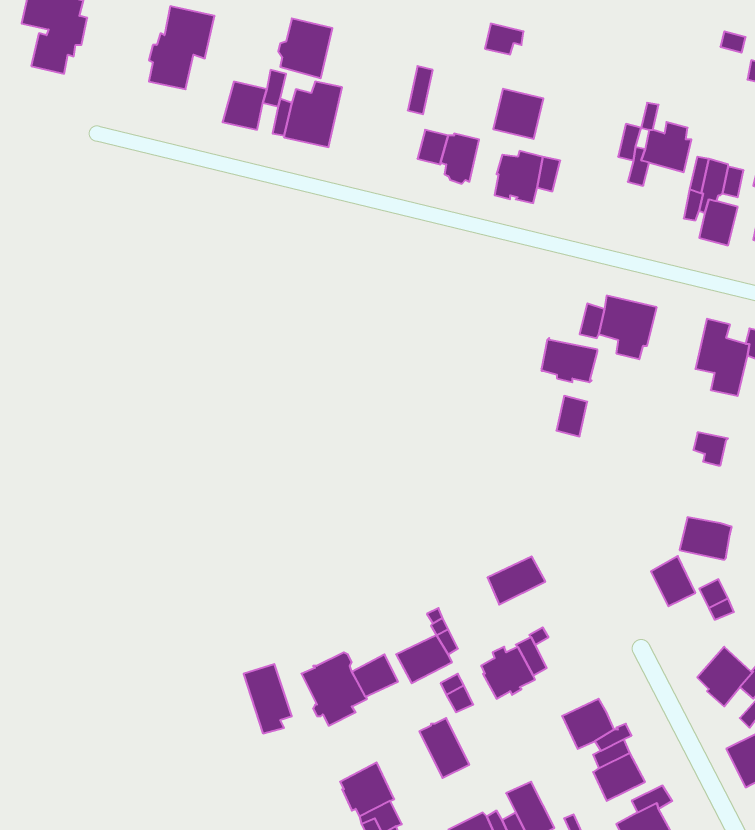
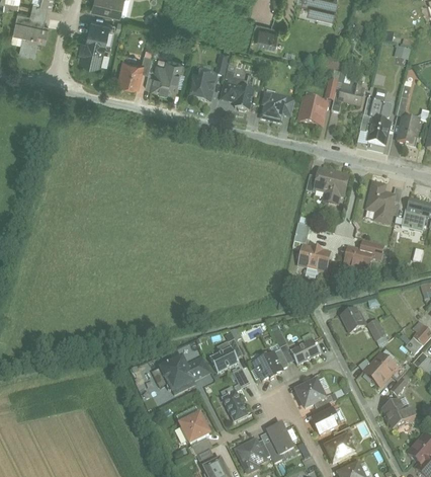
building: [278,18,332,78] -> [187,69,216,100]
building: [493,89,543,139] -> [299,98,326,125]
building: [541,338,597,382] -> [299,246,329,269]
building: [680,517,732,560] -> [344,247,371,269]
building: [487,556,545,605] -> [290,339,321,365]

